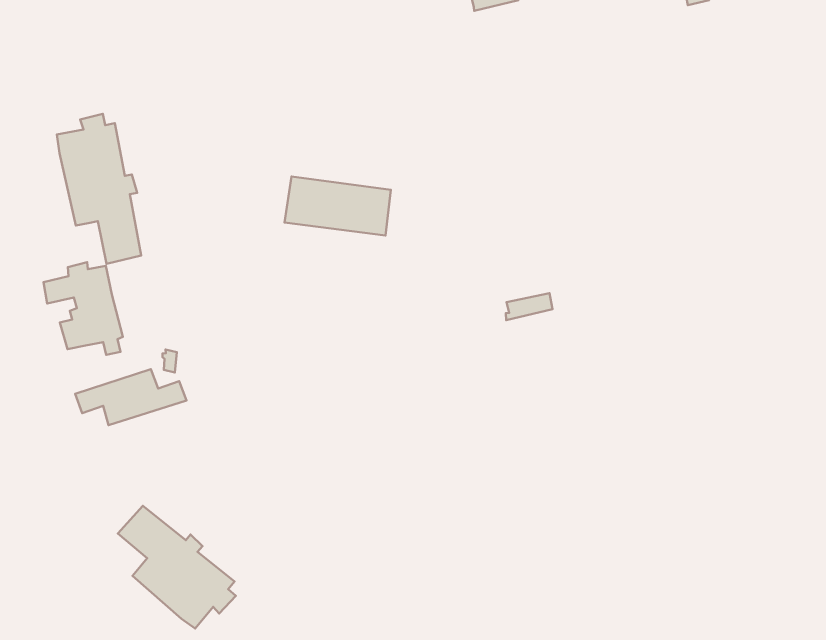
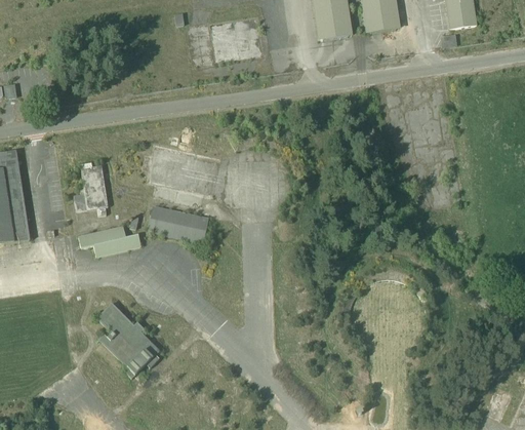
building: [57,114,141,264] -> none
building: [285,176,391,235] -> [147,205,208,243]

